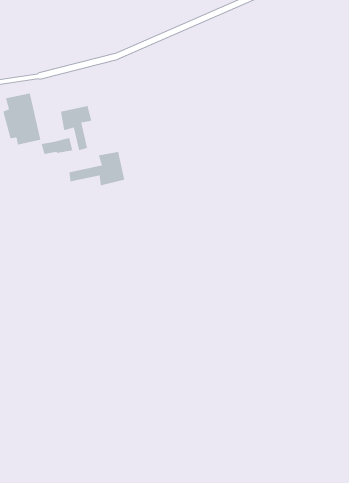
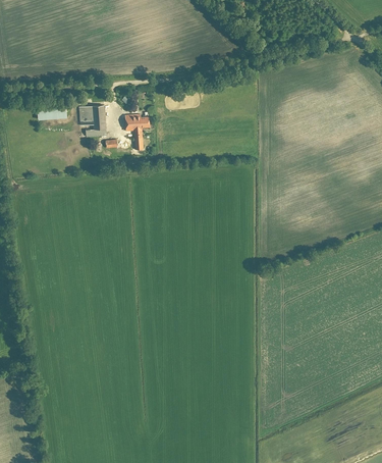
building: [69,151,125,186] -> none

